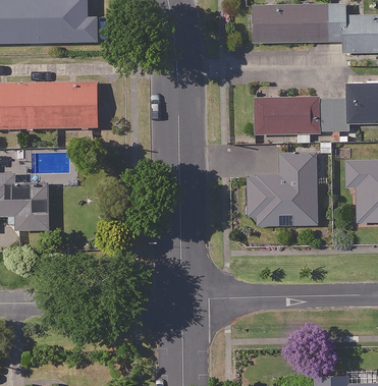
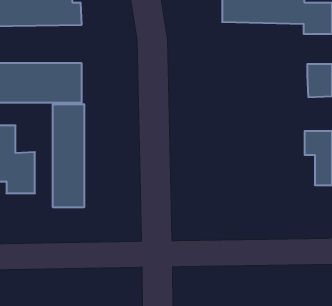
building: [255,98,345,133] -> none
building: none -> [53,104,84,207]
building: [246,153,317,225] -> none

